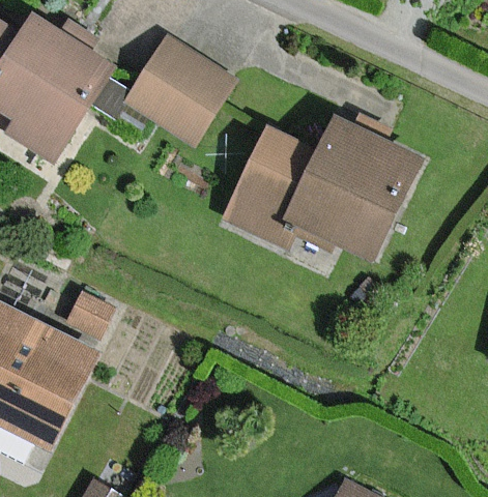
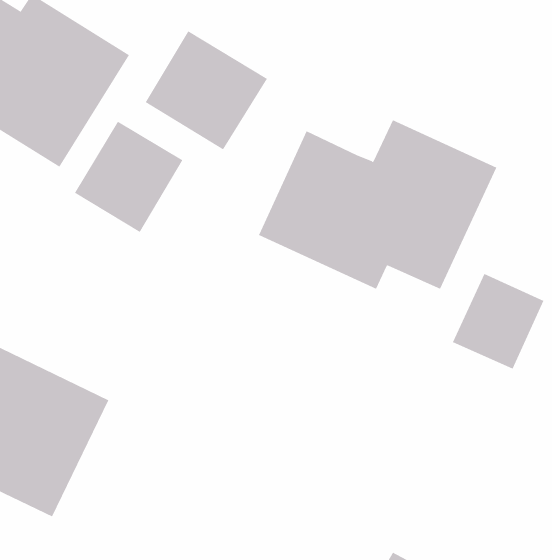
building: none -> [74,121,183,233]
building: none -> [452,273,544,370]

